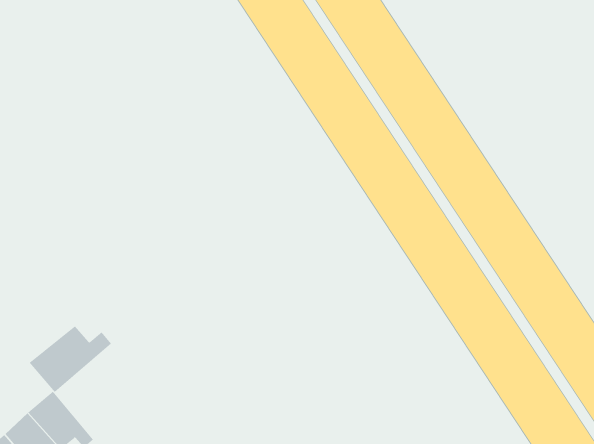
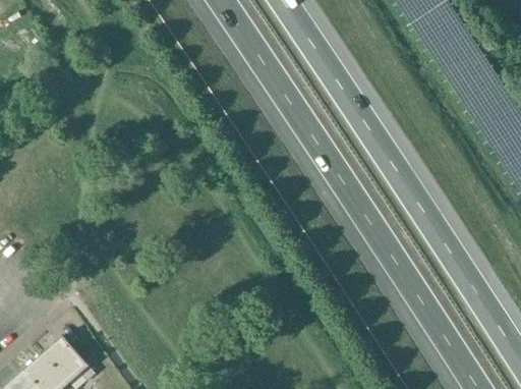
building: [29,325,112,393] -> none

